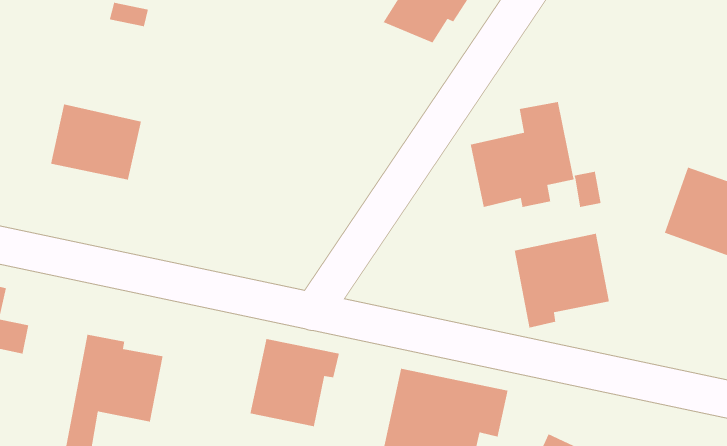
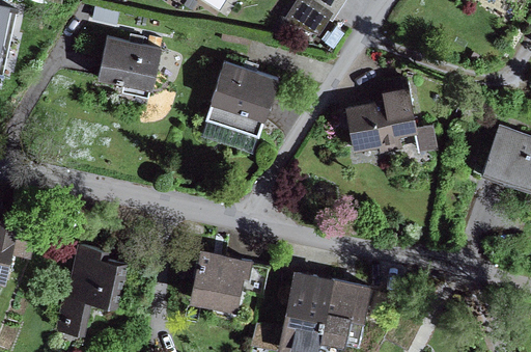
building: none -> [204,64,277,140]
building: [50,104,142,181] -> [96,39,161,93]
building: [514,233,610,329] -> none

